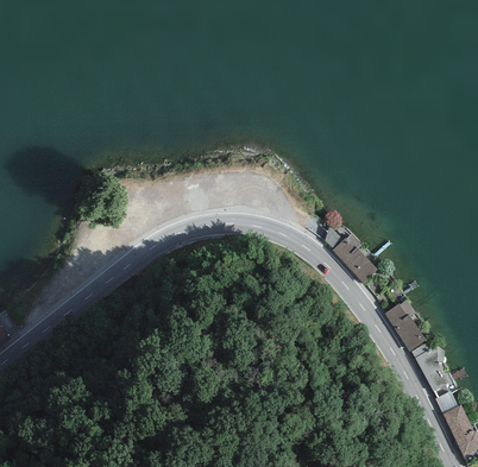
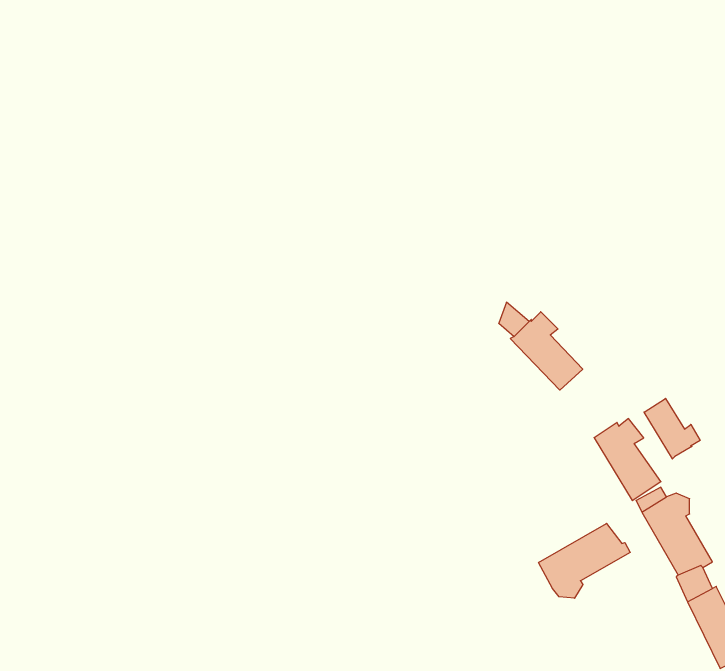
building: none -> [644,398,700,459]
building: none -> [539,523,630,598]

